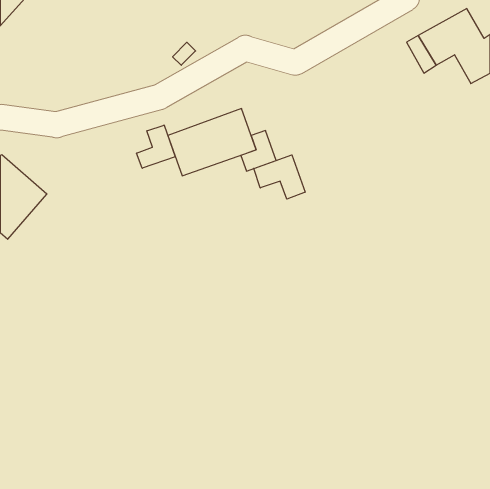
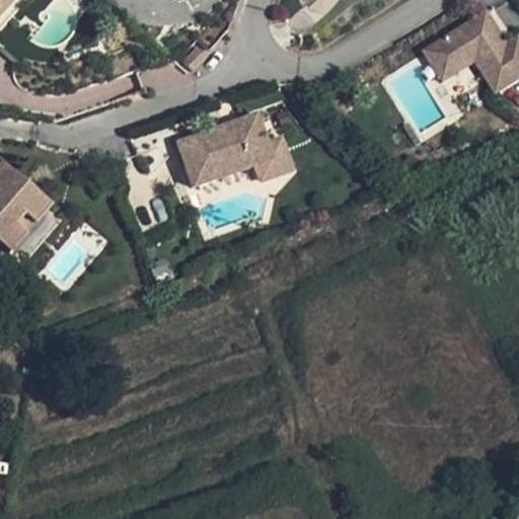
building: [137,125,175,168] -> none
building: [254,155,305,199] -> none

